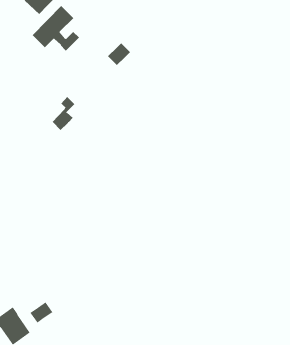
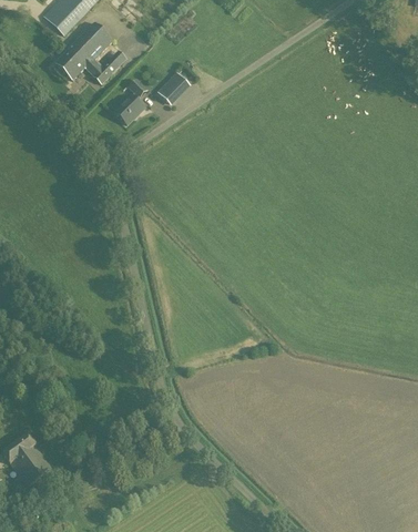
building: [52,96,75,131] -> [115,75,147,123]
building: [30,301,53,324] -> none

